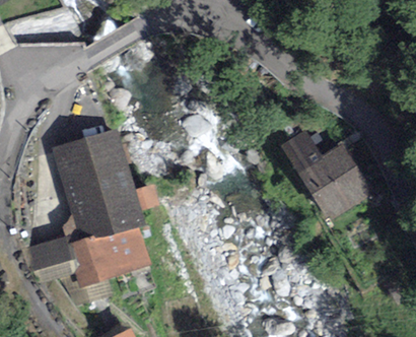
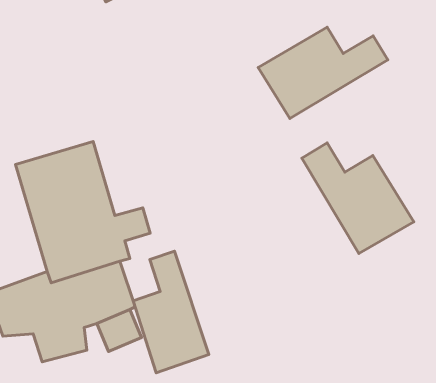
building: none -> [258,27,388,119]
building: none -> [133,251,209,373]

